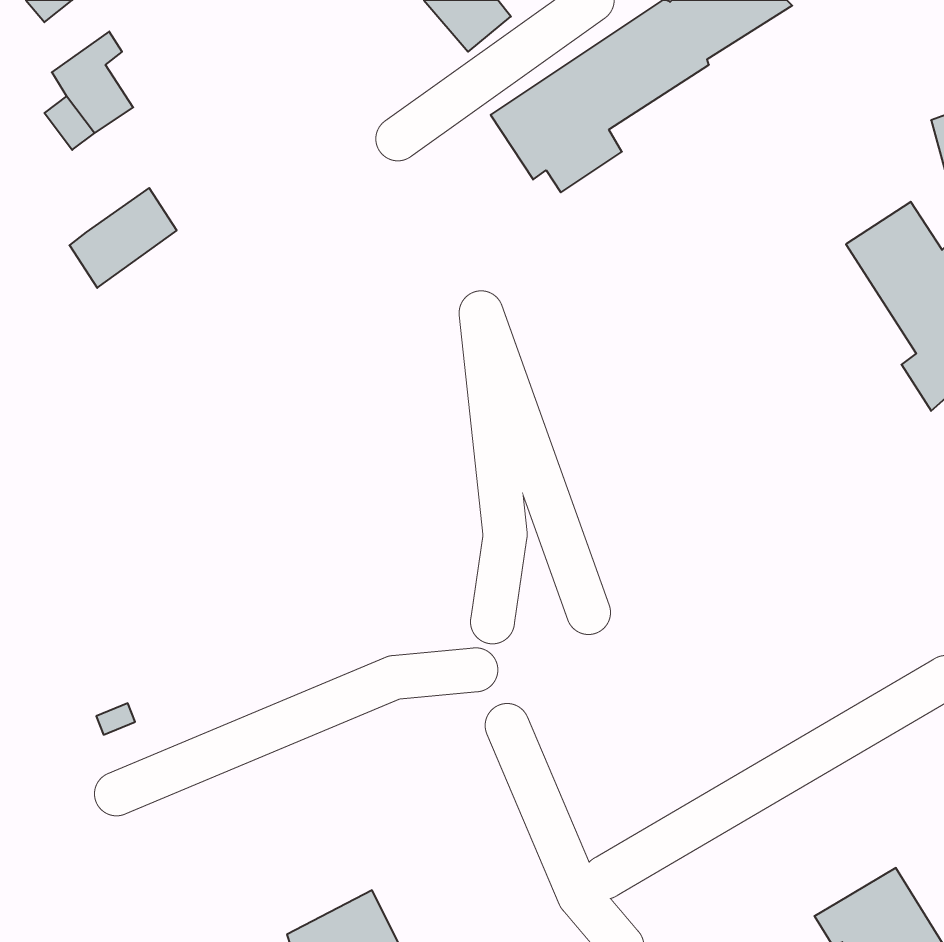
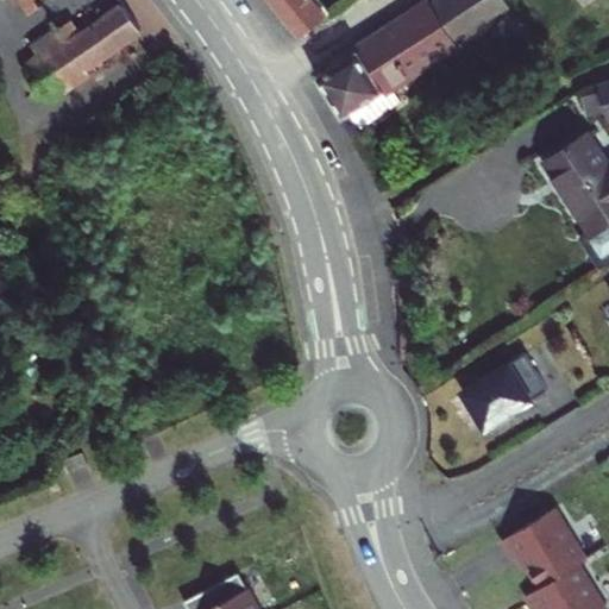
building: [69,188,177,288] -> [69,7,138,71]
building: none -> [463,351,546,425]
building: none -> [501,504,584,583]

